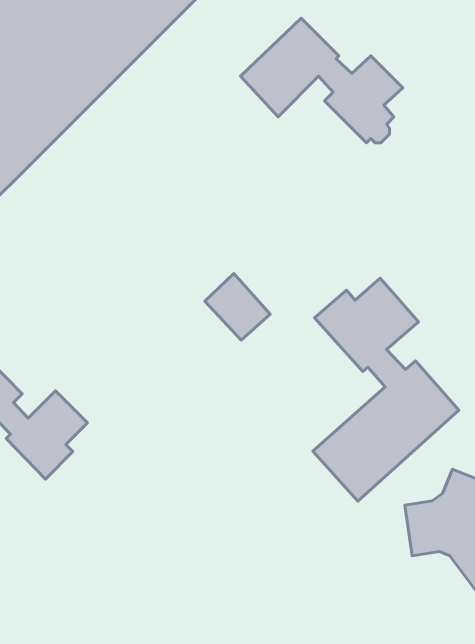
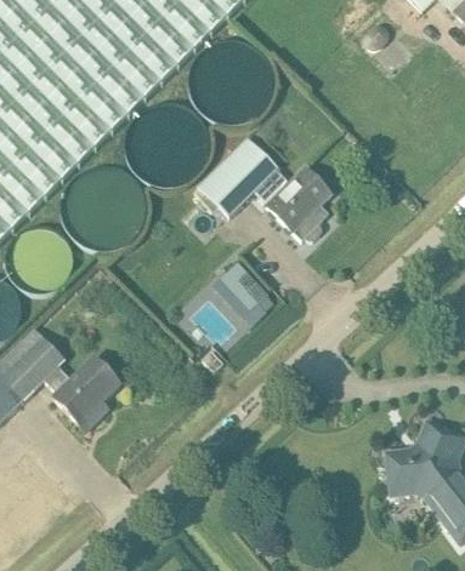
building: [240,18,403,143] -> [195,135,331,239]
building: [313,278,459,501] -> none

